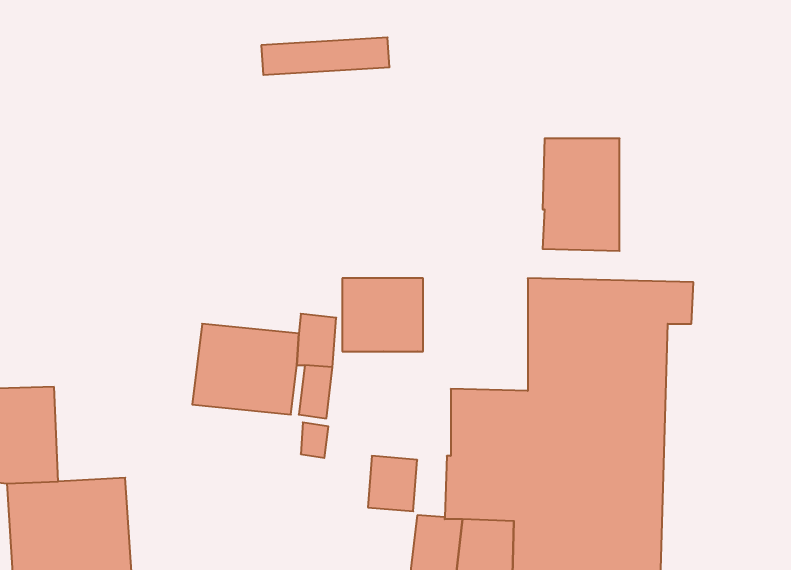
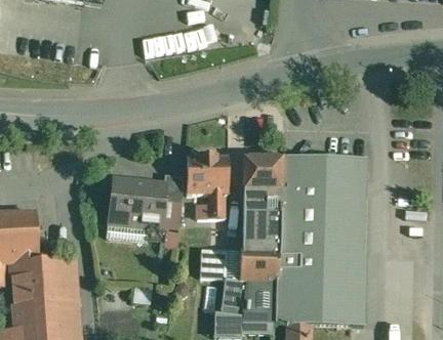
building: [543,138,620,251] -> [243,155,283,213]
building: none -> [198,193,226,217]

